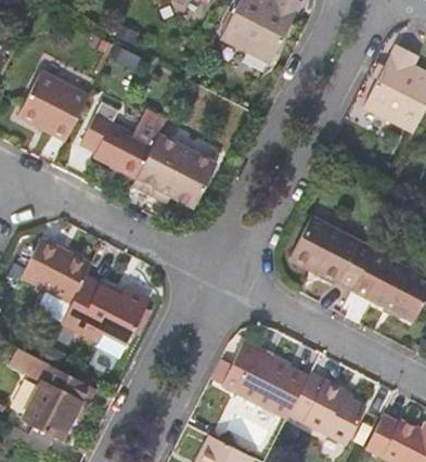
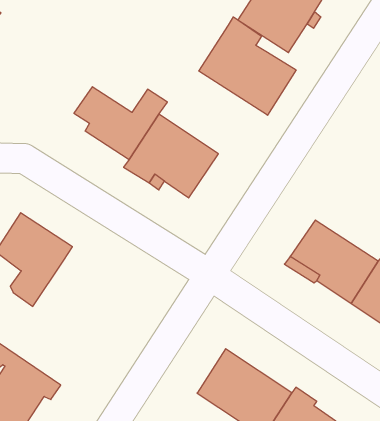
building: none -> [199,17,296,115]
building: [15,69,89,142] -> none
building: [62,277,150,343] -> none

